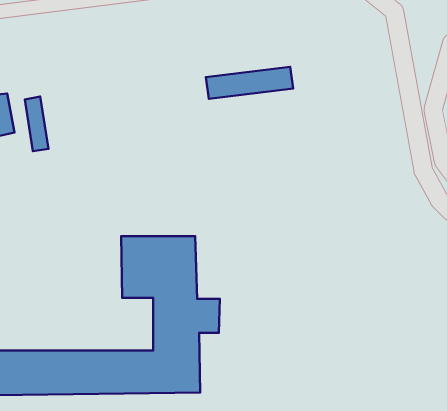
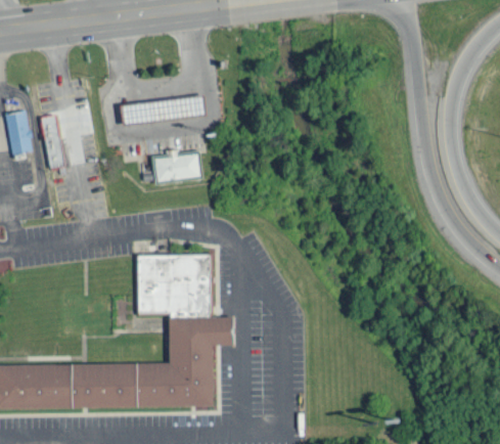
building: [206,67,293,99] -> [116,93,202,125]
building: none -> [150,147,201,183]

